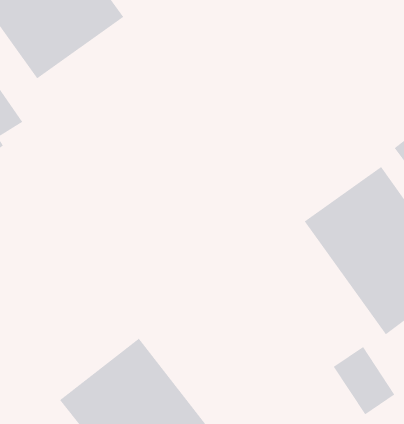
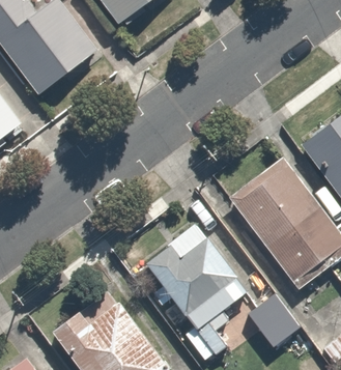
building: none -> [143,223,251,333]

